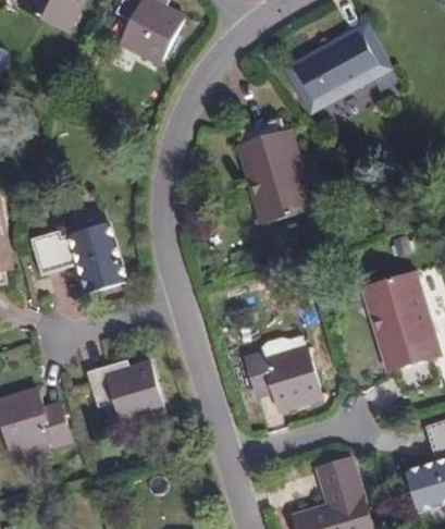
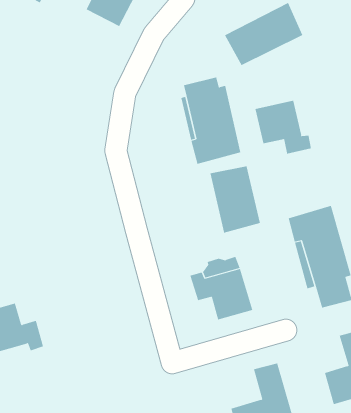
building: none -> [255,100,312,155]
building: [30,222,124,290] -> none
building: none -> [210,166,261,234]
building: [88,360,163,425] -> none

